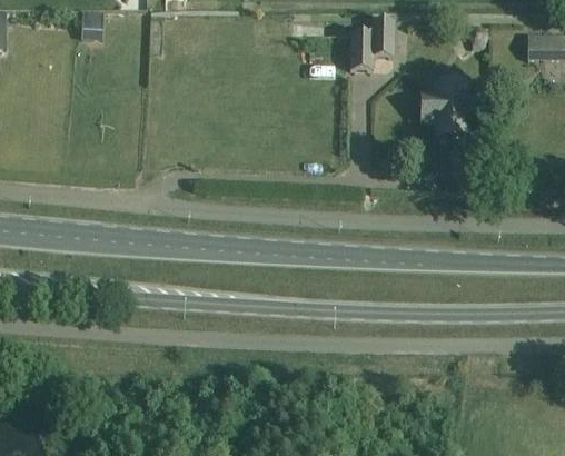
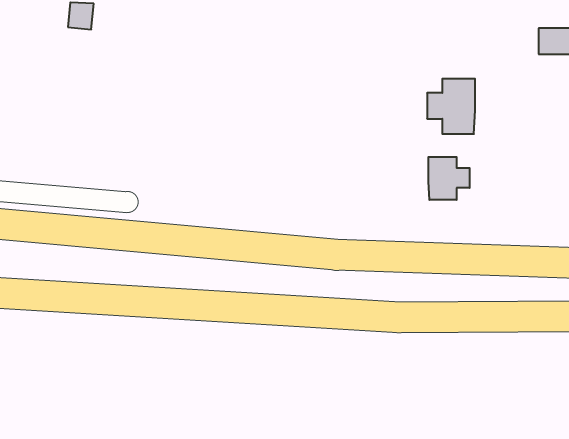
building: [349,19,394,68] -> none
building: none -> [428,157,470,200]

